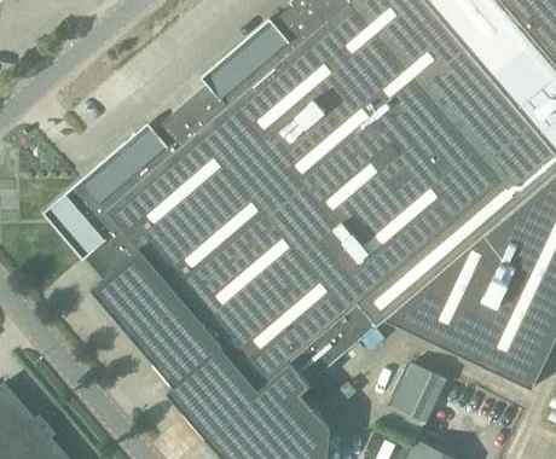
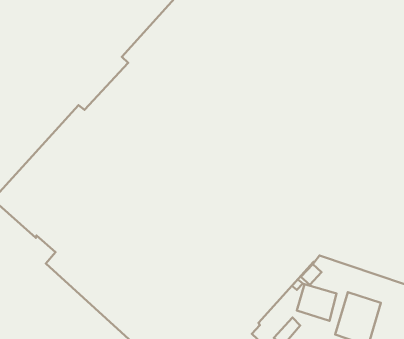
building: none -> [297,284,336,321]

